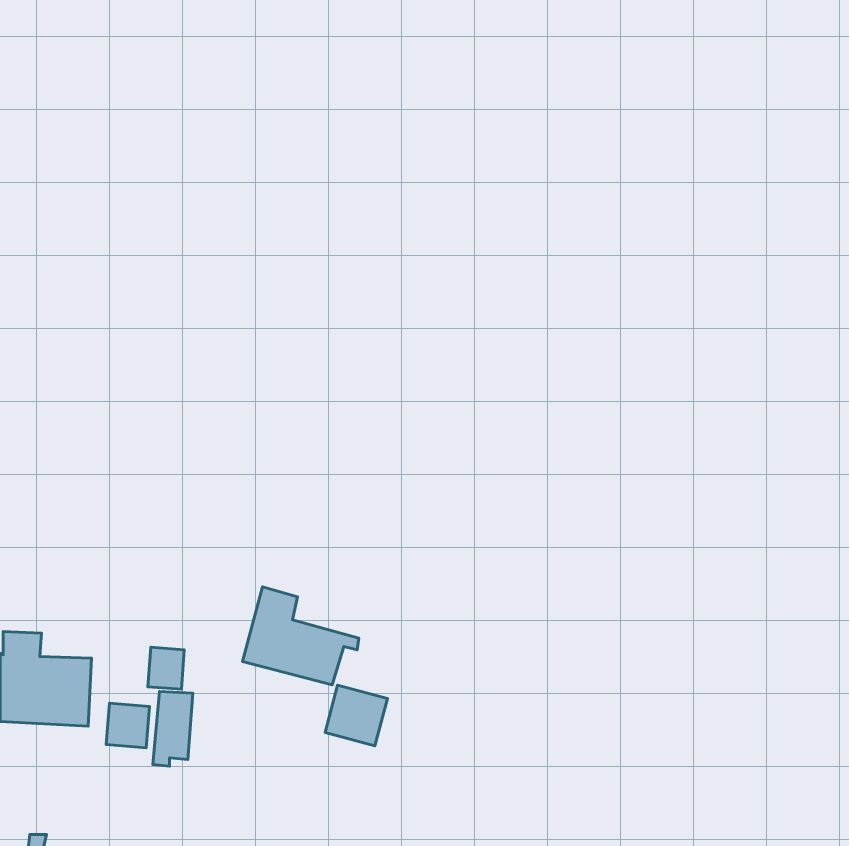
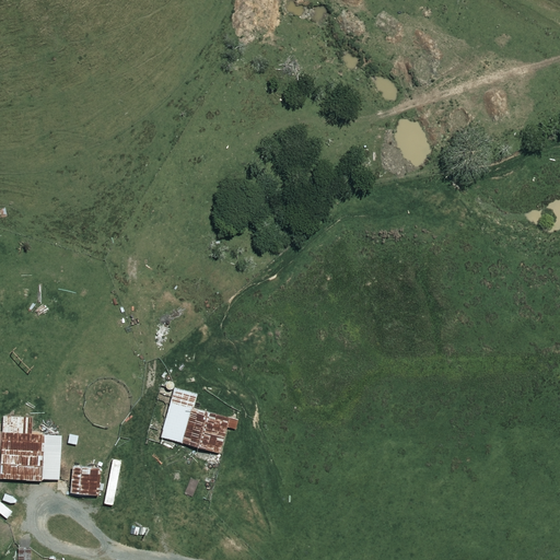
building: [148,647,184,689] -> none
building: [325,685,387,746] -> none

